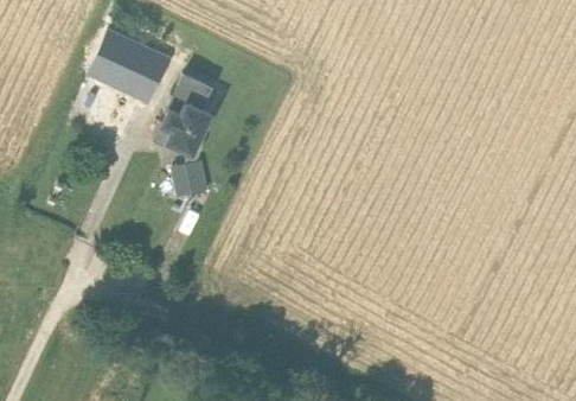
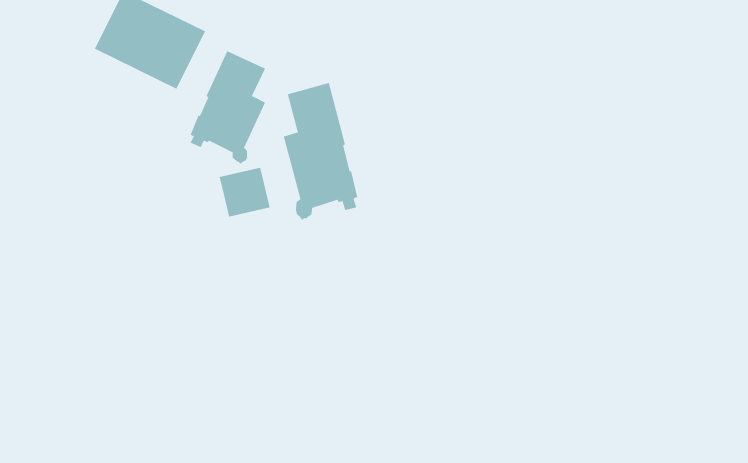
building: none -> [283,82,358,220]

